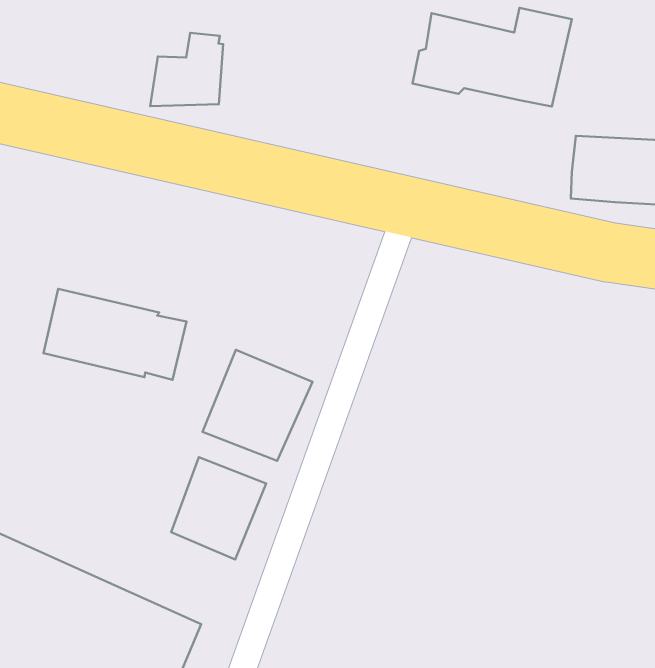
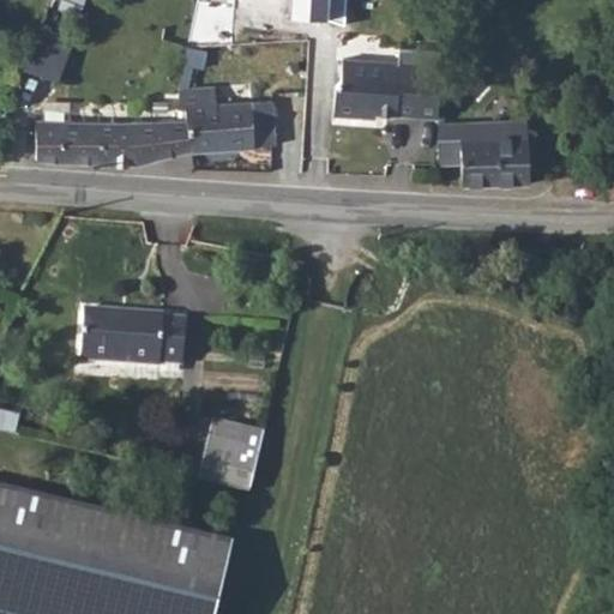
building: none -> [177,84,269,151]
building: none -> [30,113,133,164]
building: [202,350,313,461] -> none

